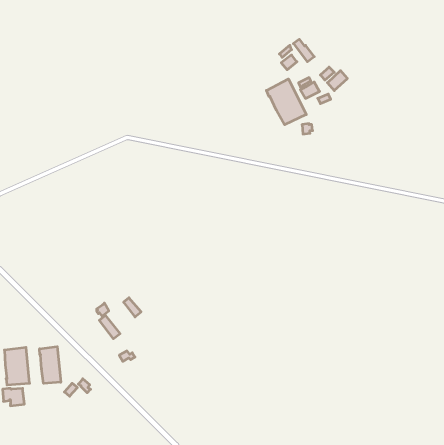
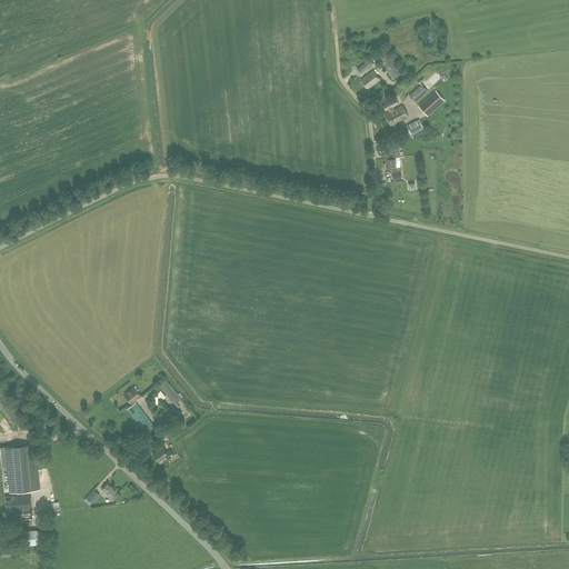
building: [266,79,306,125] -> none
building: [40,347,61,383] -> none

